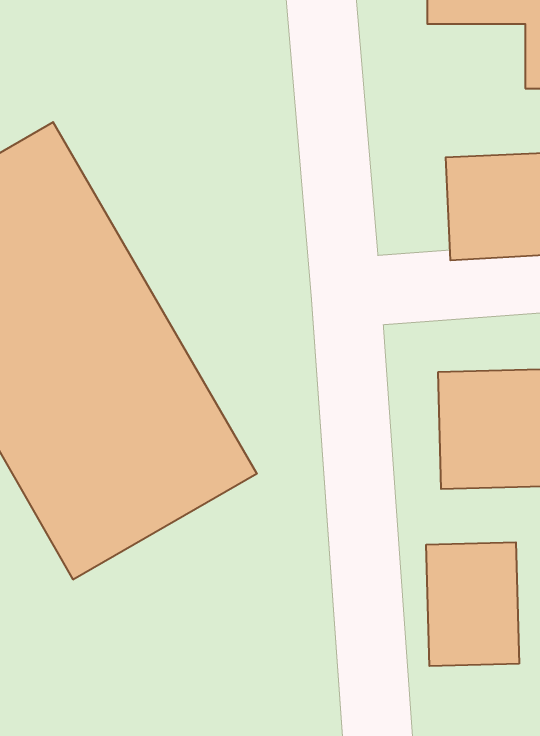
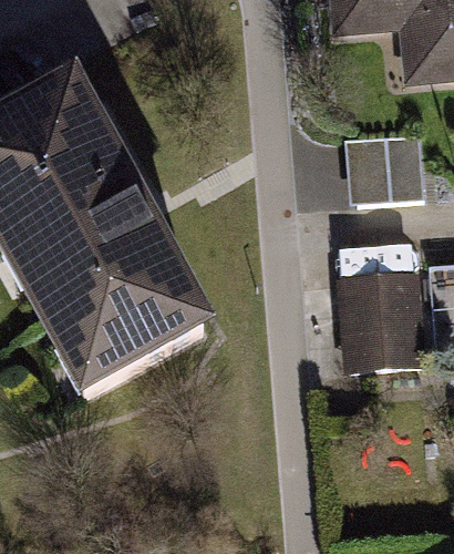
building: [426,542,519,666] -> none

